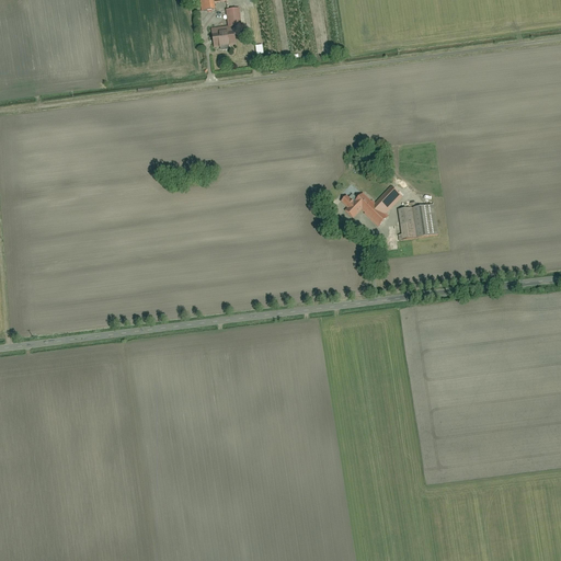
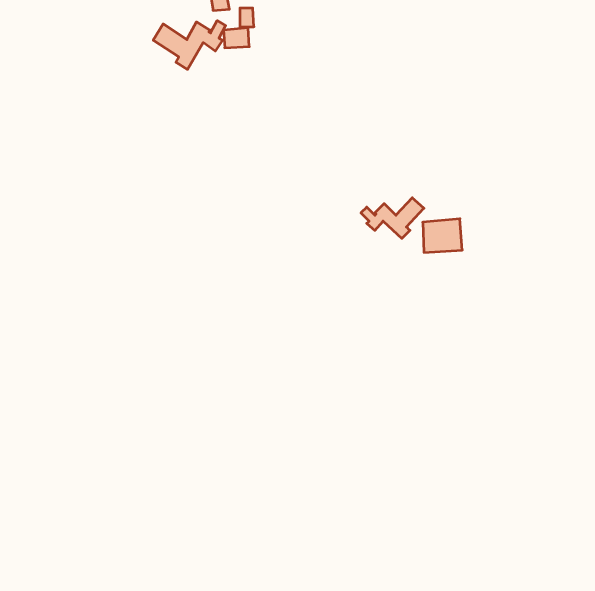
building: none -> [153,21,226,69]

